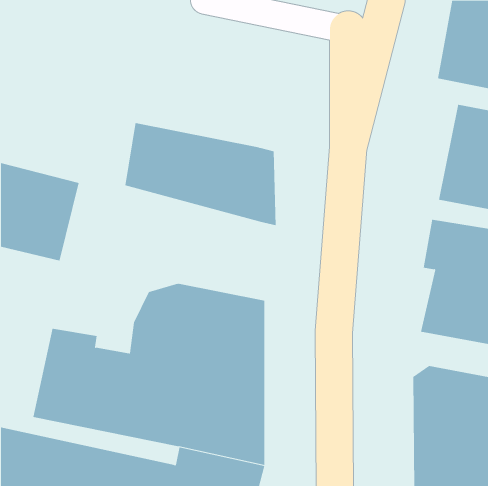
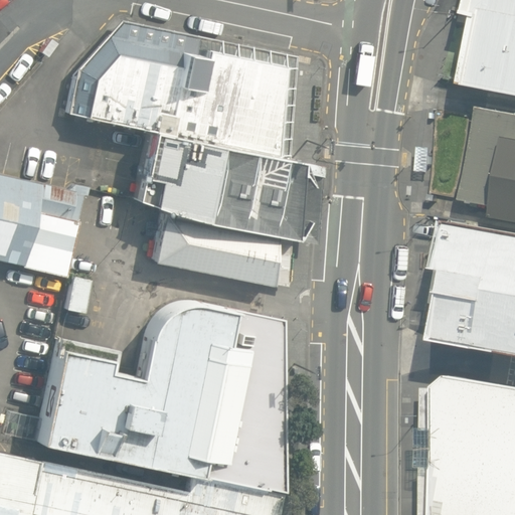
building: none -> [64,21,288,158]
building: none -> [151,205,274,285]

